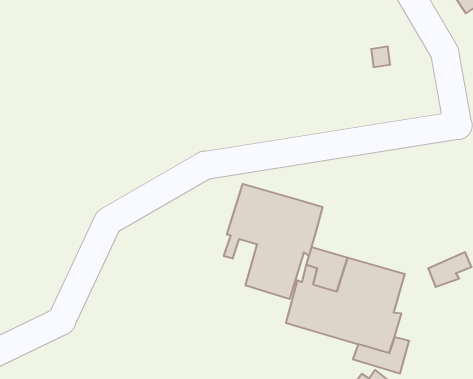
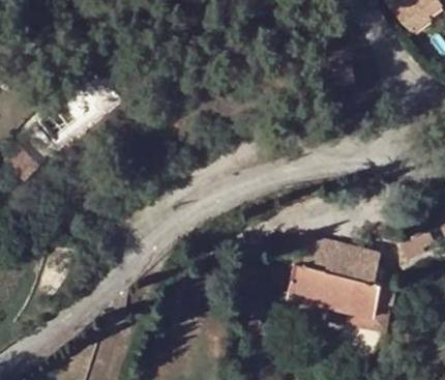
building: [224,184,323,299] -> none

